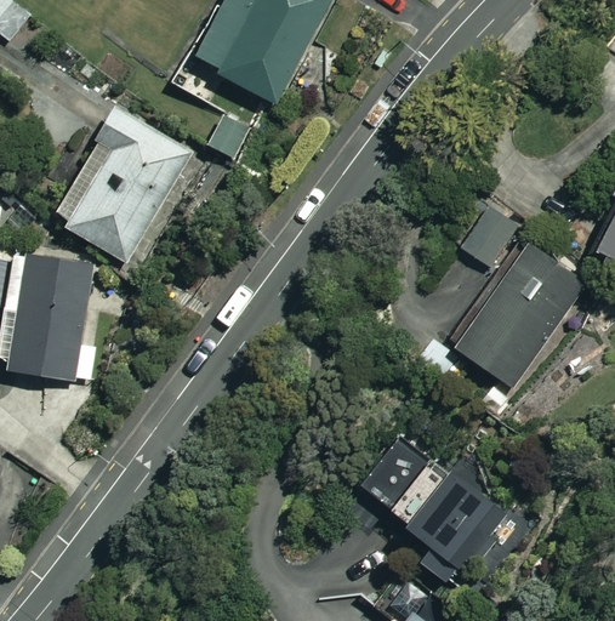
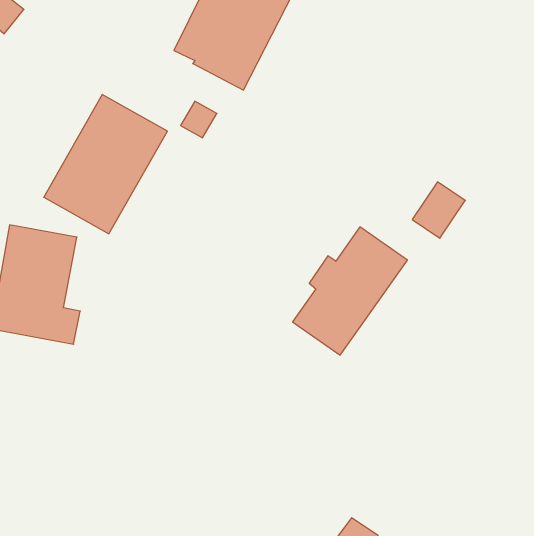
building: [457,245,583,386] -> [293,227,407,355]
building: [361,434,506,586] -> none

